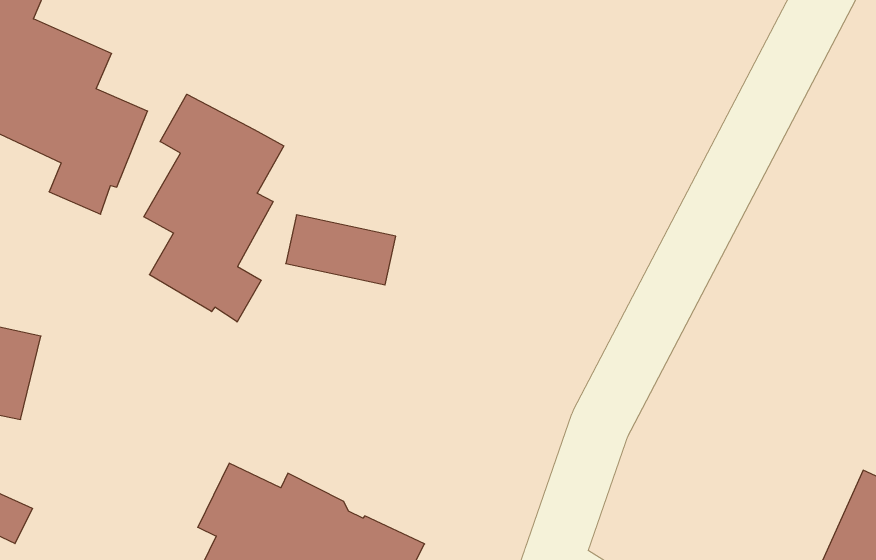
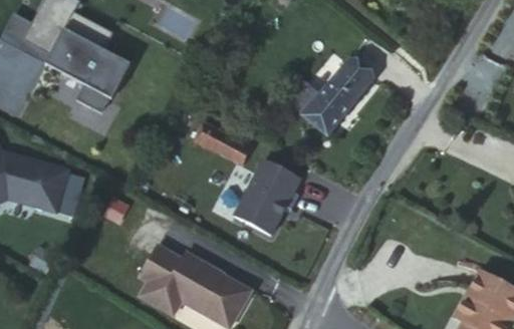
building: none -> [290,61,371,134]
building: [144,94,284,322] -> none
building: none -> [235,157,301,236]

